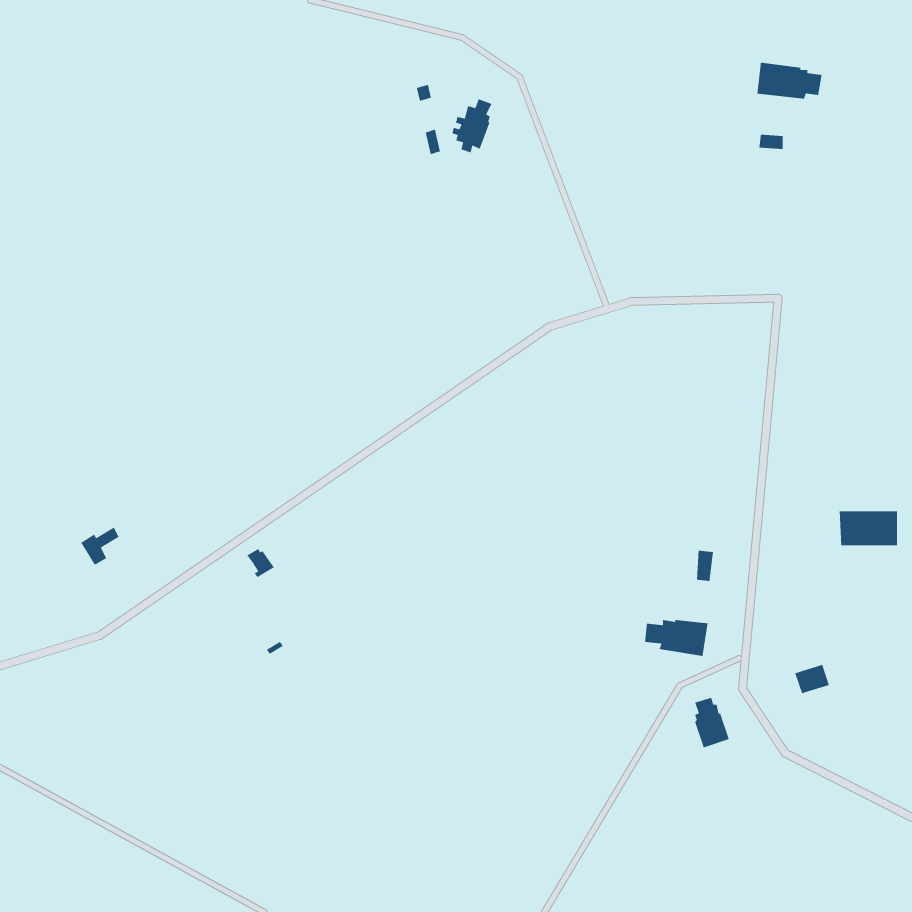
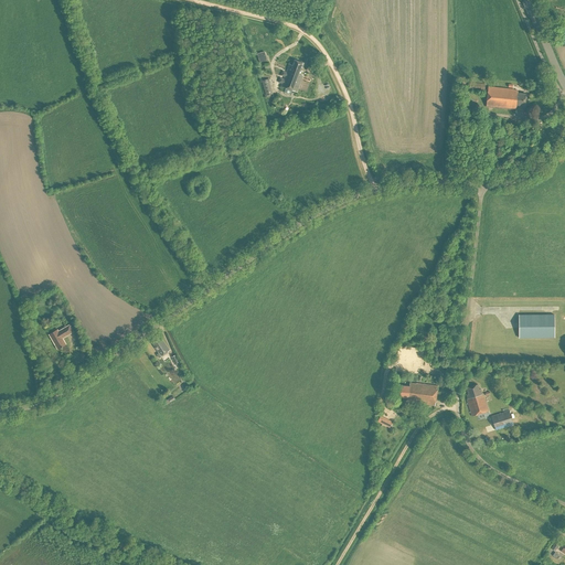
building: [756,62,822,99] -> [486,86,526,109]
building: [694,697,730,749] -> [467,384,489,416]

